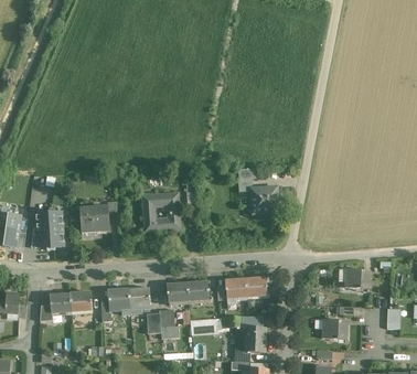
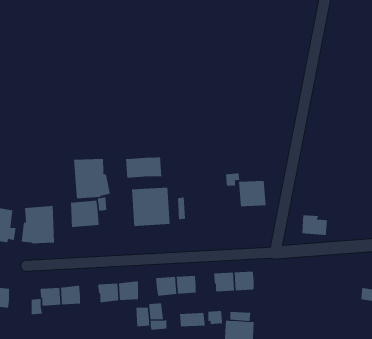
building: none -> [126,157,162,179]
building: none -> [74,158,111,199]
building: [343,267,370,288] -> [302,215,328,236]
building: [320,318,348,339] -> none

